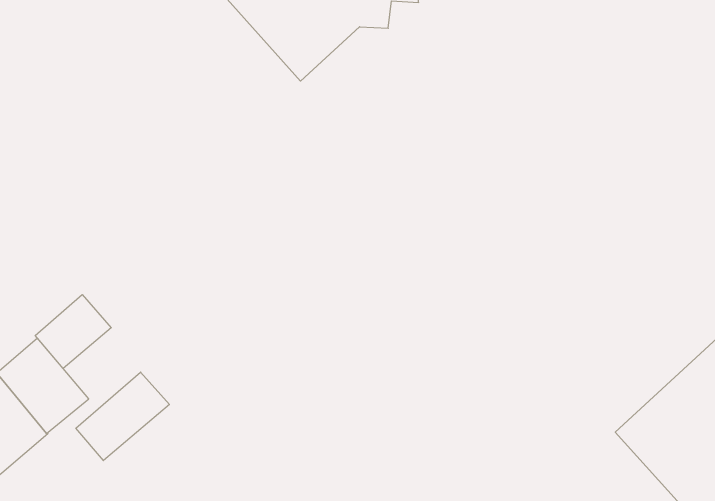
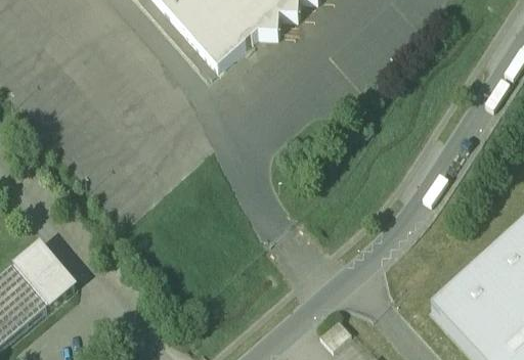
building: [35,295,111,369] -> none
building: [76,372,169,461] -> none

